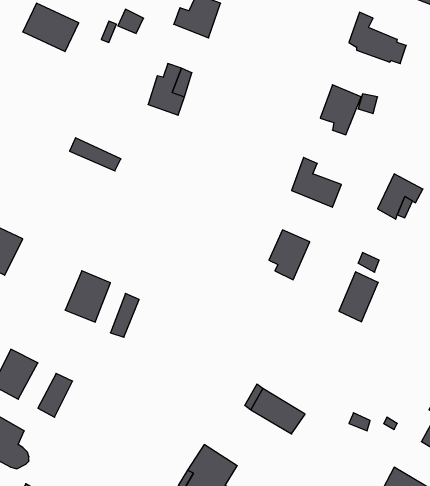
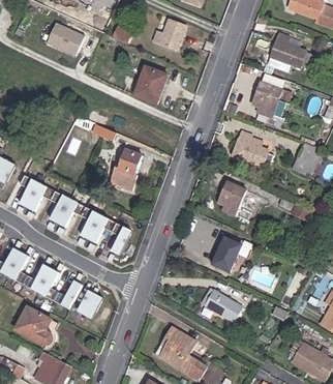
building: none -> [109,147,141,188]
building: none -> [48,191,81,228]
building: [339,272,378,322] -> [213,236,240,270]
building: none -> [75,290,101,319]

